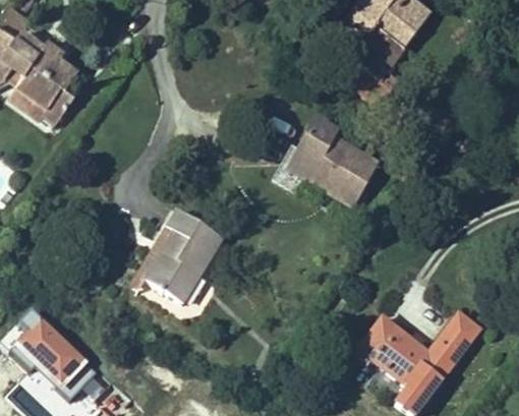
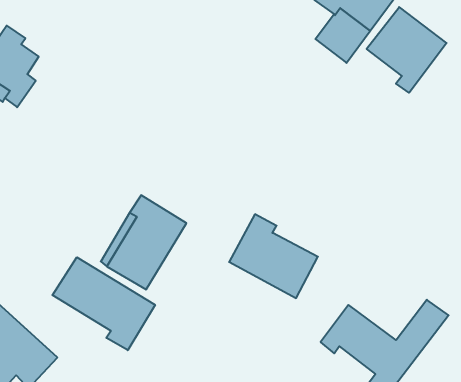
building: none -> [367,7,447,93]
building: [295,121,383,203] -> [229,214,318,298]
building: none -> [52,257,155,350]

